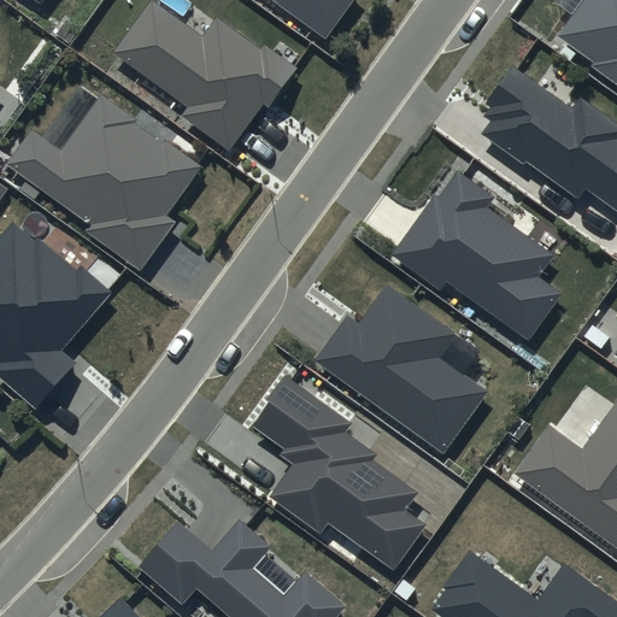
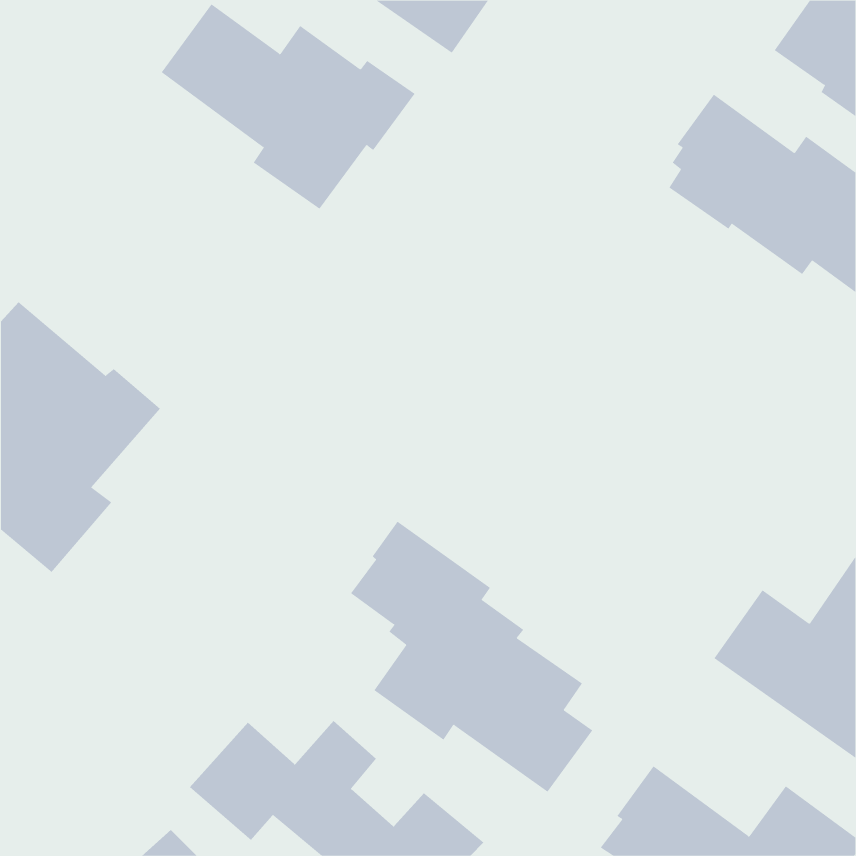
building: [6,95,202,272] -> none
building: [390,170,562,340] -> none
building: [315,287,486,451] -> none

